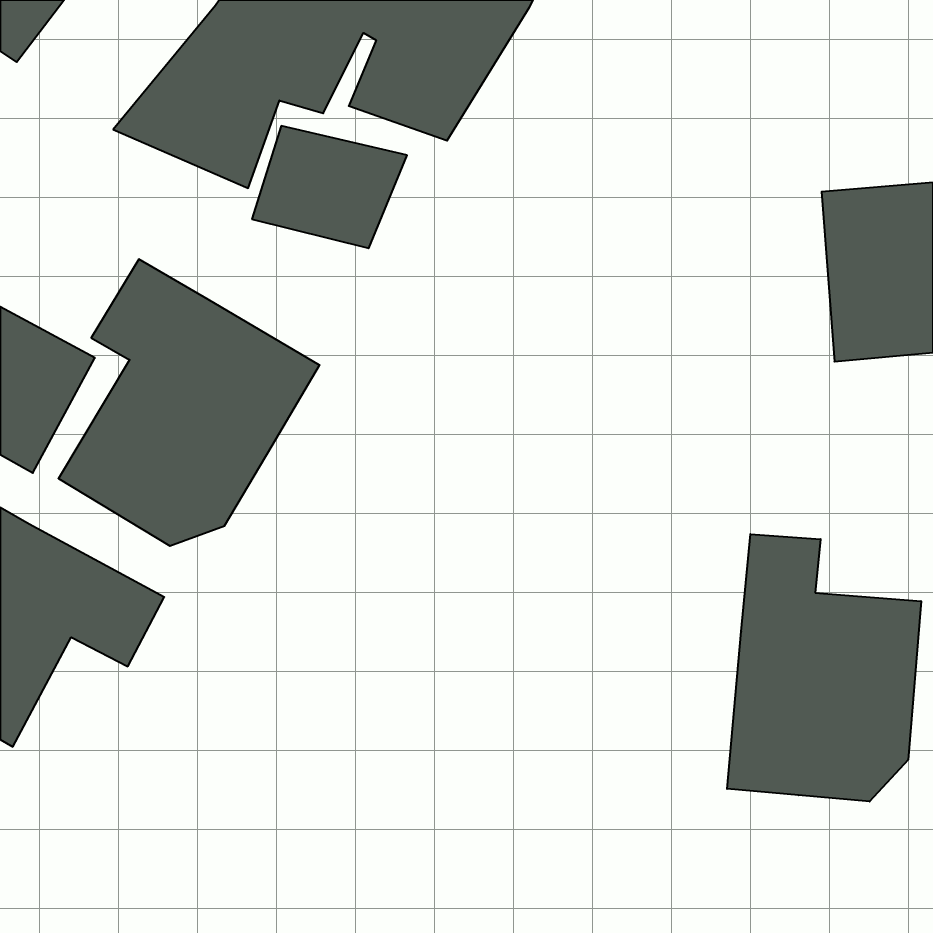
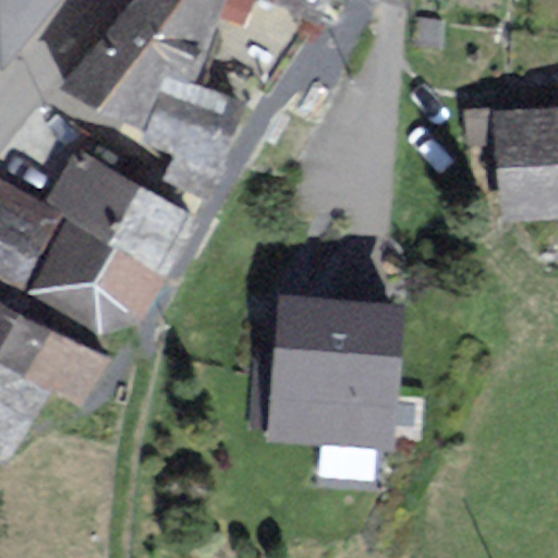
building: none -> [277,290,399,435]
building: [727,534,921,802] -> none

